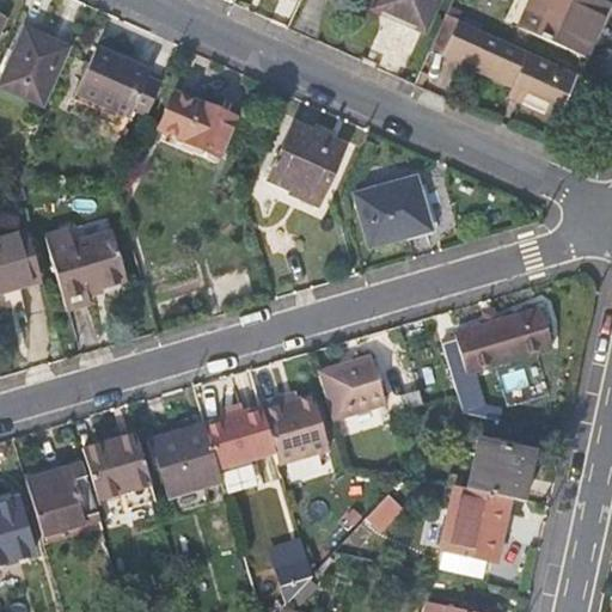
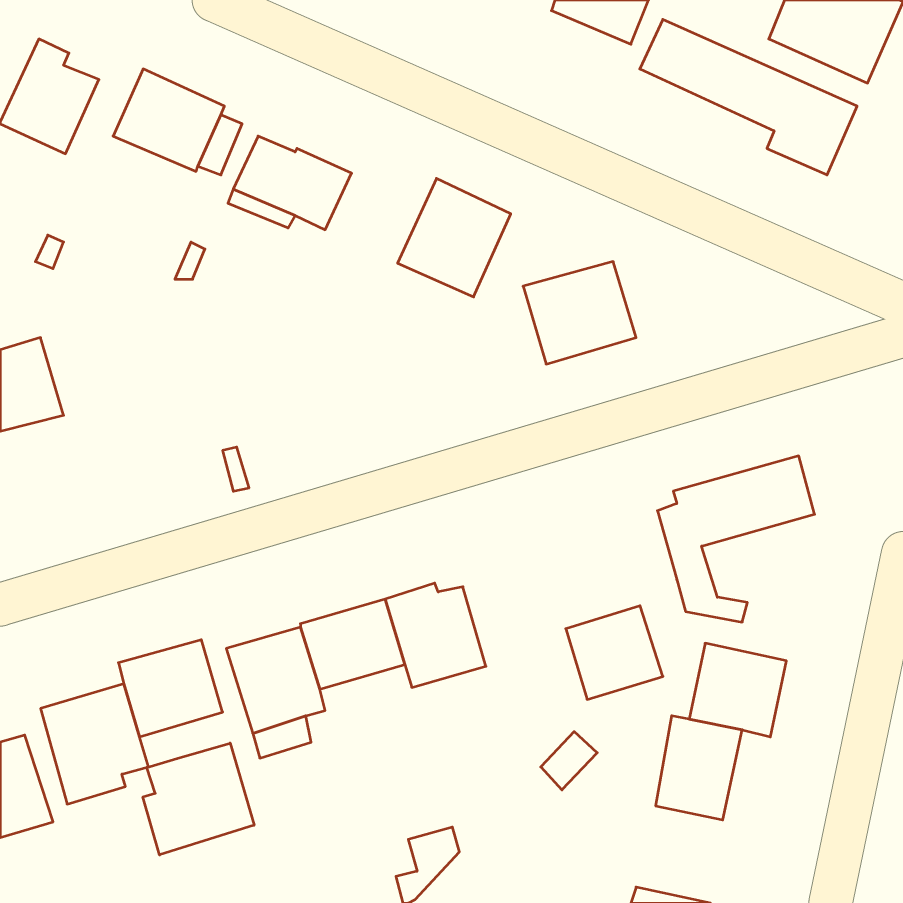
building: [45,227,126,308] -> none
building: [319,351,385,415] -> [566,606,663,699]
building: none -> [143,743,254,855]

